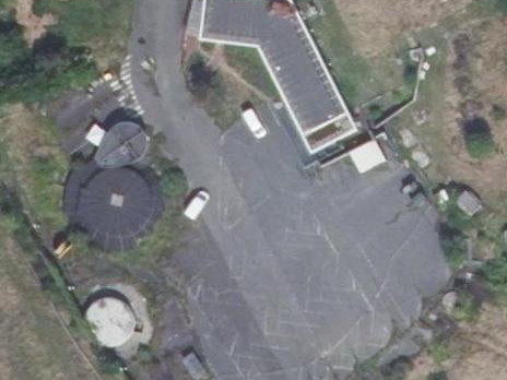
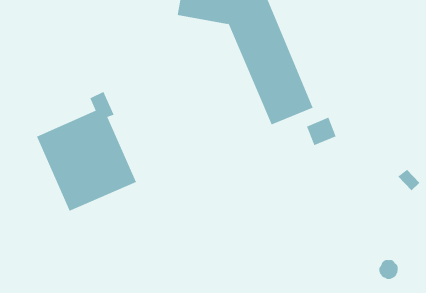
building: [85,297,131,343] -> none

